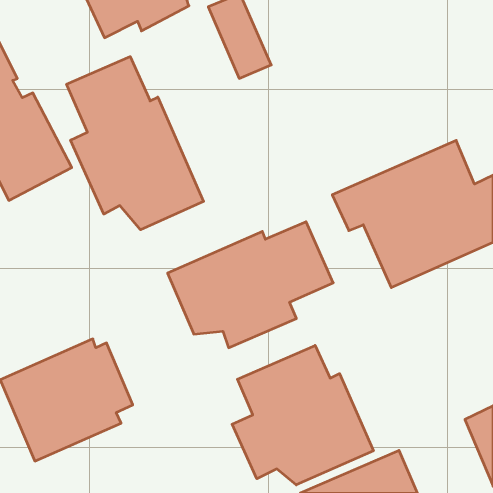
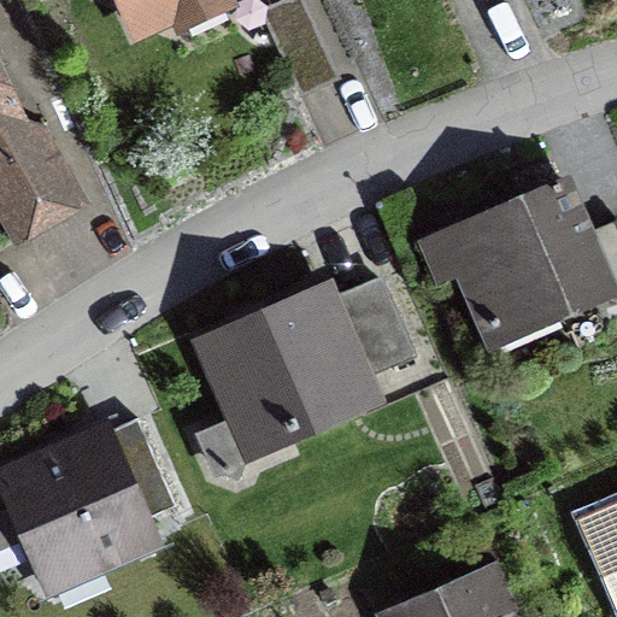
building: [67,57,204,230] -> none
building: [232,345,373,485] -> none

